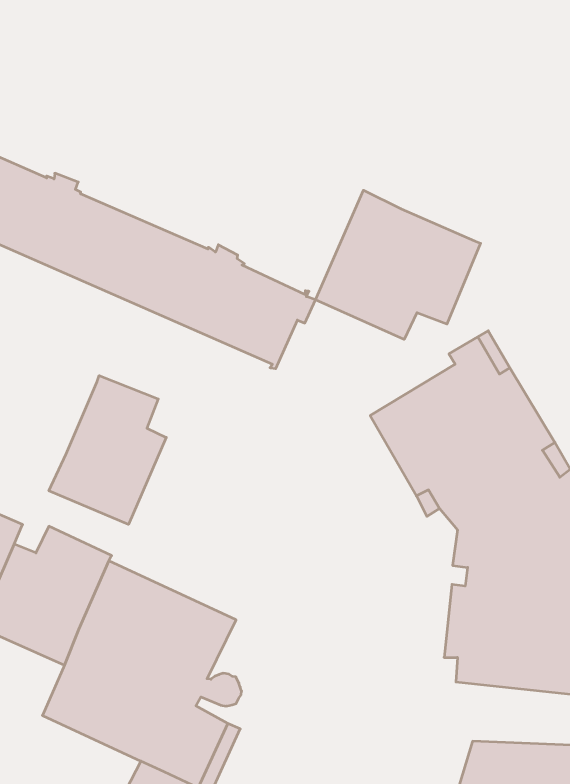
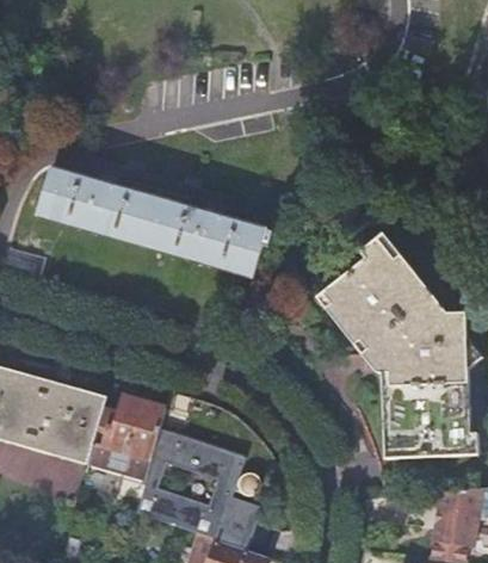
building: [315,190,481,339] -> none
building: [49,376,166,524] -> none

